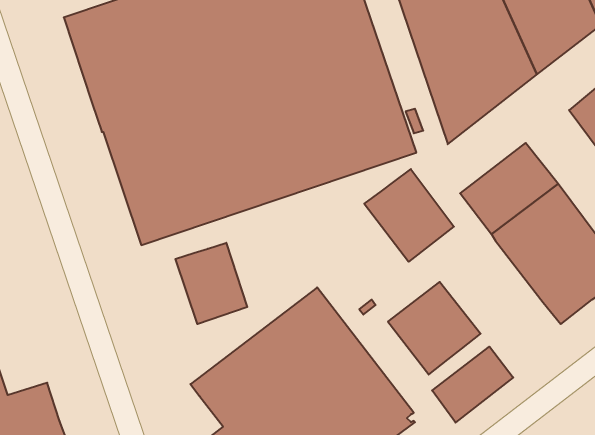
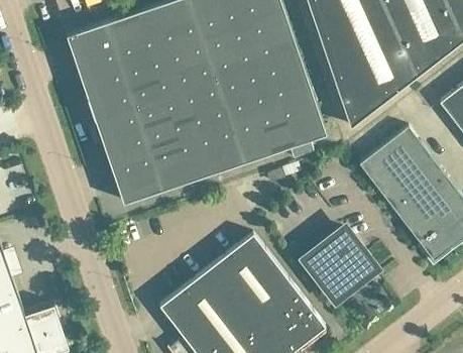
building: [364,169,454,262] -> none
building: [175,243,247,324] -> none
building: [432,347,513,423] -> none

